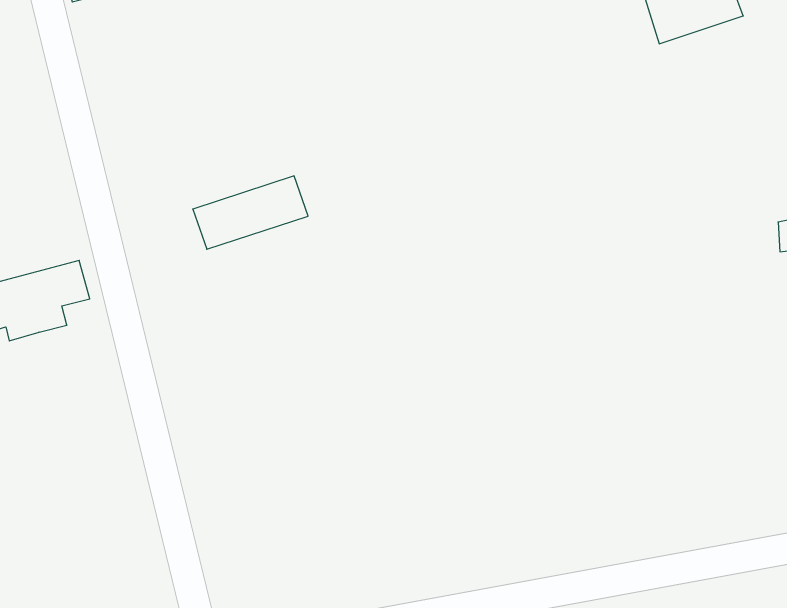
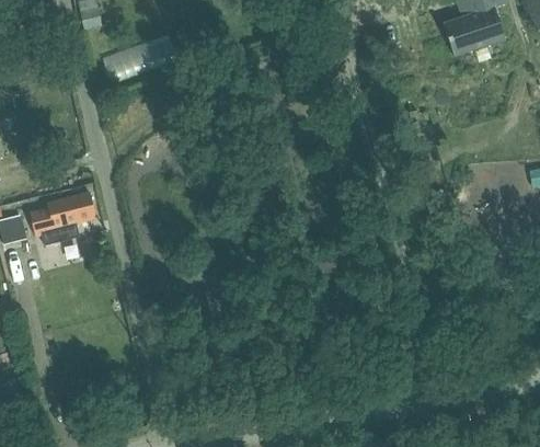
building: [193,176,308,249] -> [103,35,175,81]

